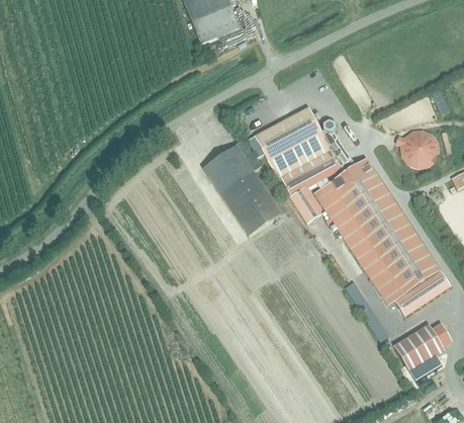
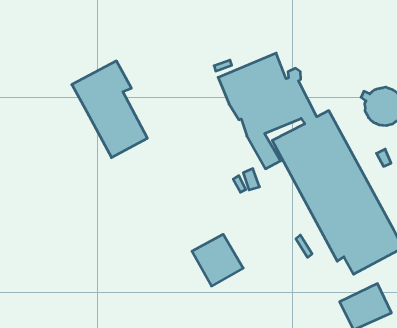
building: [203,141,282,236] -> [72,61,147,158]
building: none -> [192,234,243,286]

